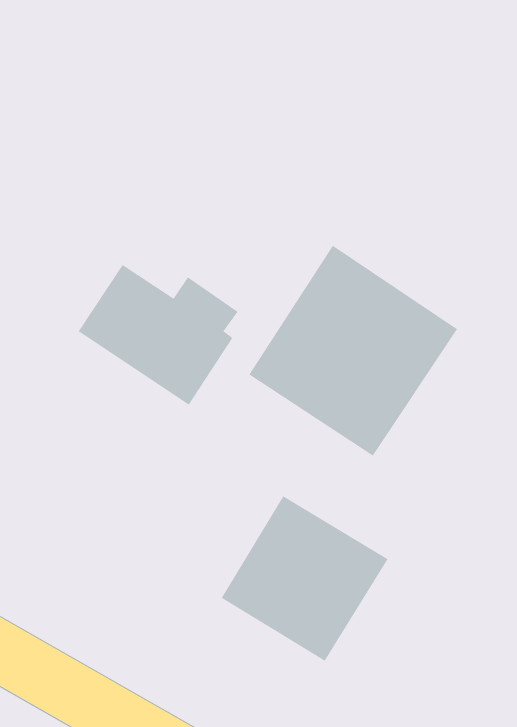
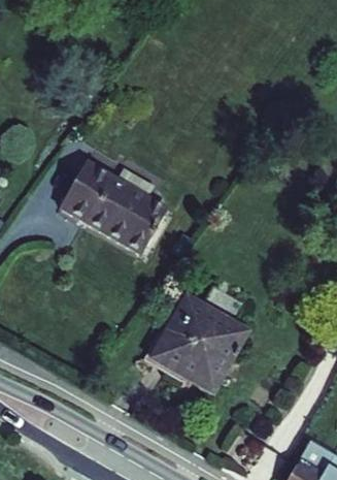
building: [249,245,458,457] -> none

